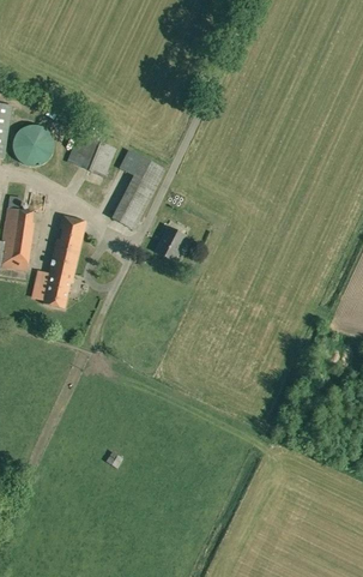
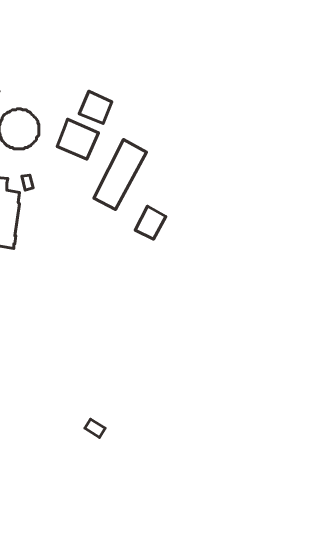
building: none -> [79,91,112,124]
building: [35,215,85,307] -> none

